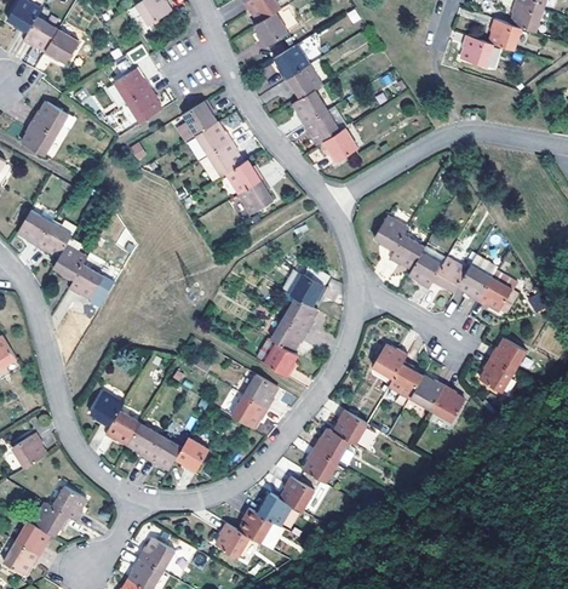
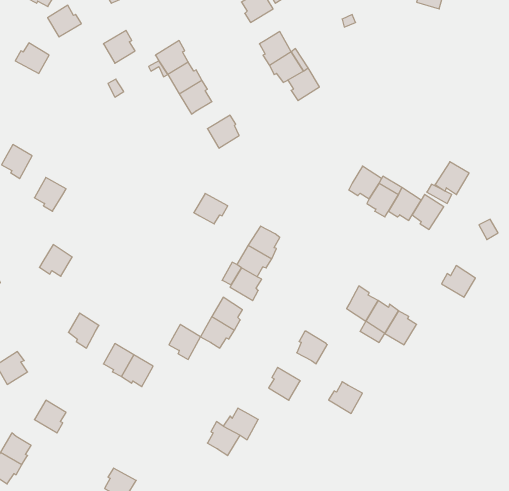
building: [283,64,321,98] -> none
building: [114,68,150,102] -> [48,5,81,37]
building: [23,120,57,155] -> none
building: [225,160,262,193] -> none
building: [373,213,407,251] -> none
building: [36,222,71,256] -> none
building: [68,263,103,297] -> [39,245,72,276]
building: [288,273,325,305] -> [194,193,228,224]
building: [475,276,511,311] -> [435,162,469,195]
building: [369,345,405,379] -> none
building: [478,359,512,394] -> none
building: [104,410,138,445] -> none
building: [312,429,349,463] -> [329,382,362,413]
building: [173,436,207,474] -> [169,324,201,359]
building: [281,476,315,511] -> none
building: [33,501,70,534] -> none
building: [214,521,248,556] -> none
building: [137,537,173,570] -> none

